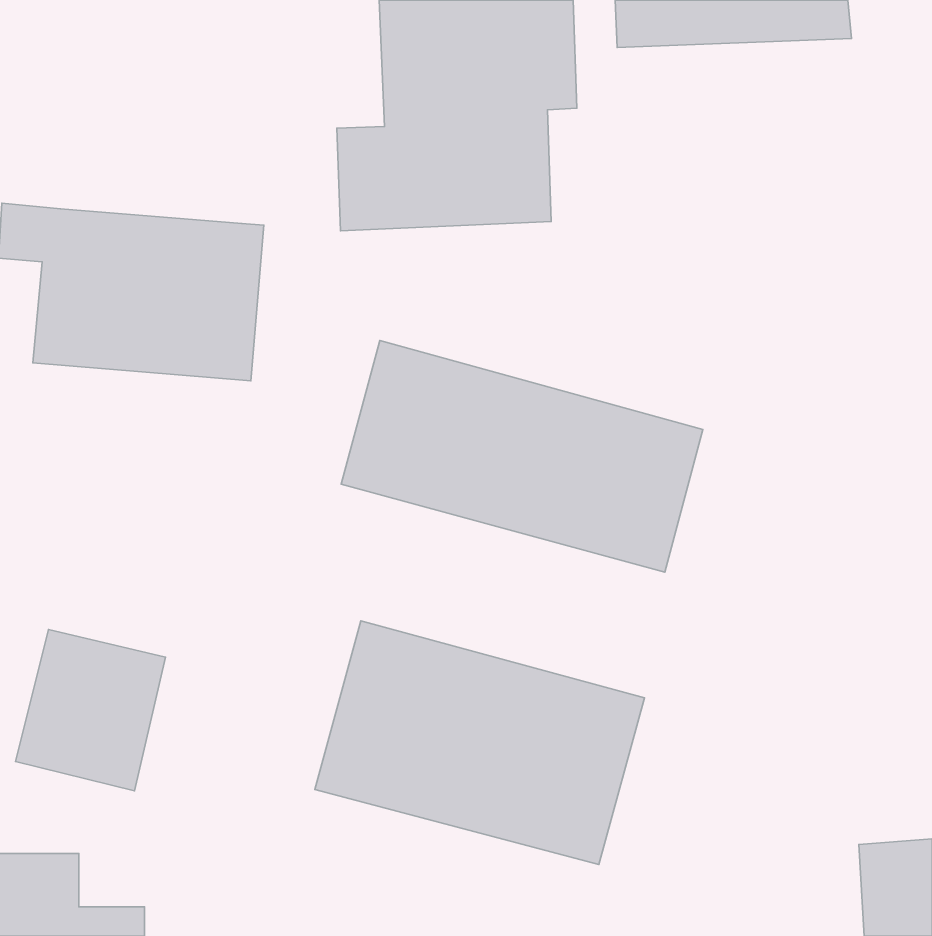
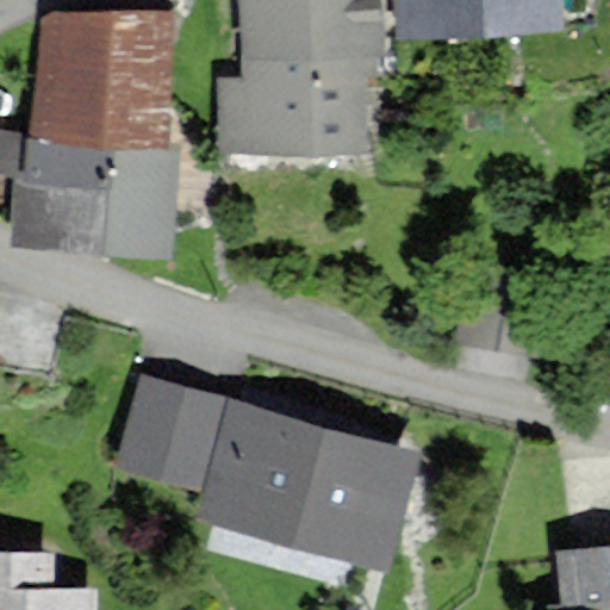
building: none -> [39,18,167,145]
building: [341,340,703,572] -> none
building: [15,630,166,791] -> [123,382,220,487]

